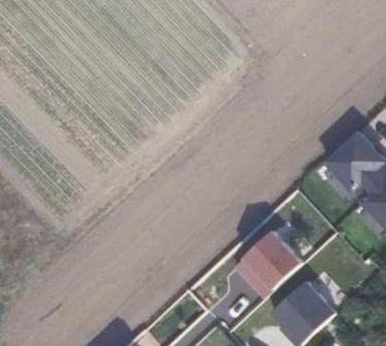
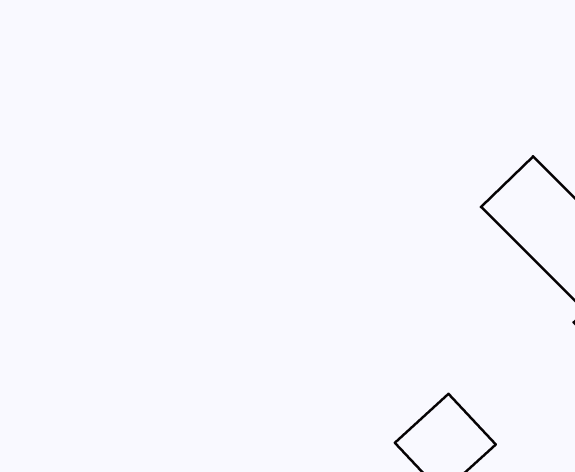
building: [233,233,300,300] -> none

